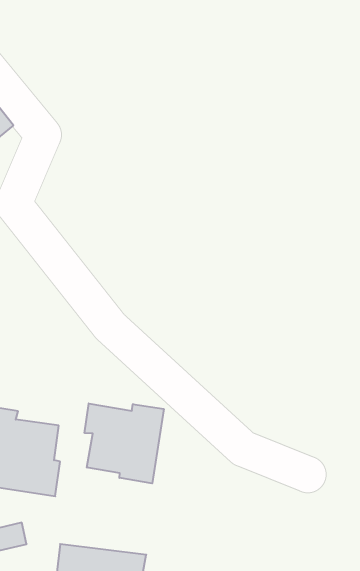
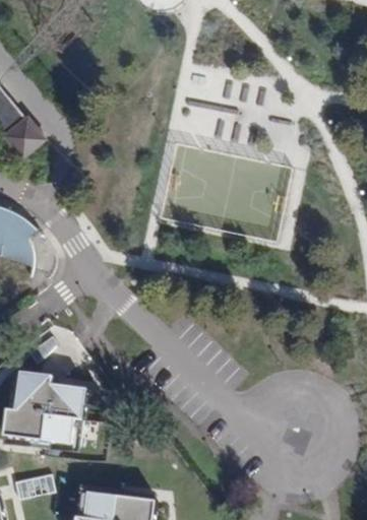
building: [85,403,164,483] -> none

